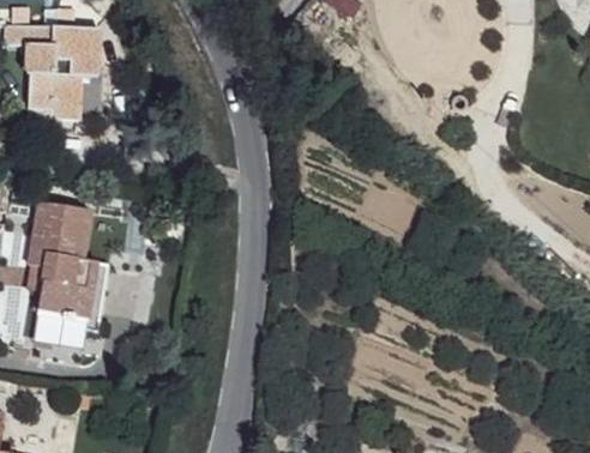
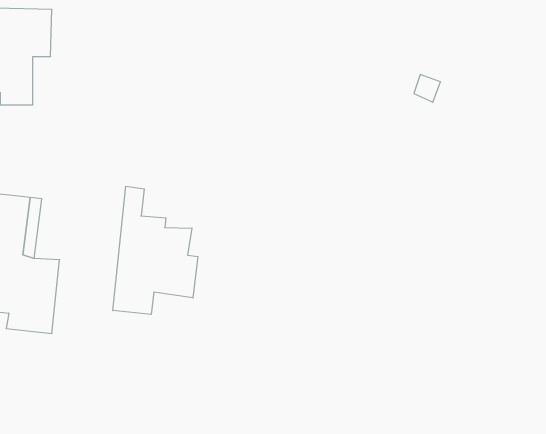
building: none -> [113,186,198,314]

